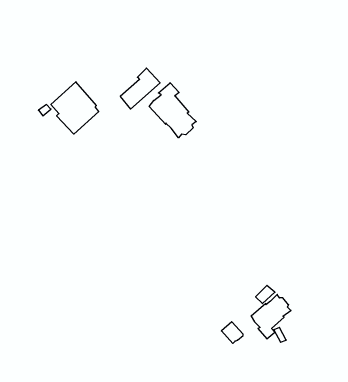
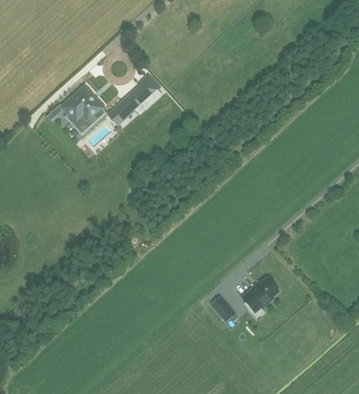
building: [149,83,196,138] -> none

